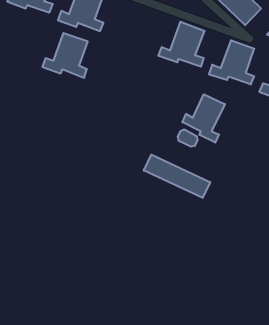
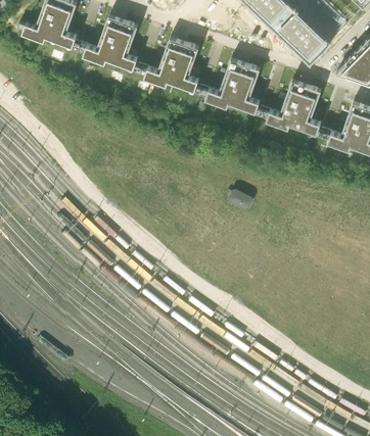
building: [42,33,88,78] -> [144,38,199,92]
building: [182,94,225,143] -> none
building: [144,155,210,198] -> none

